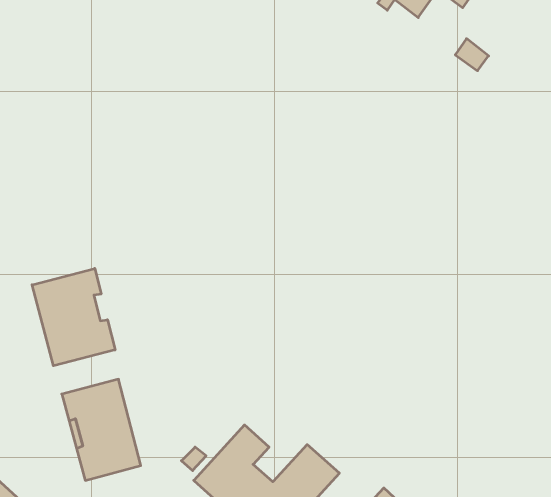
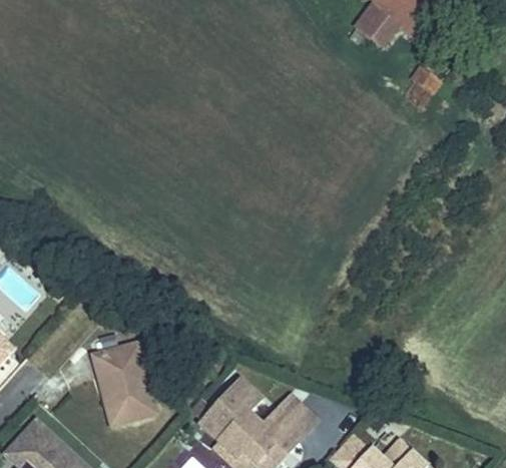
building: [32,268,115,366] -> none

